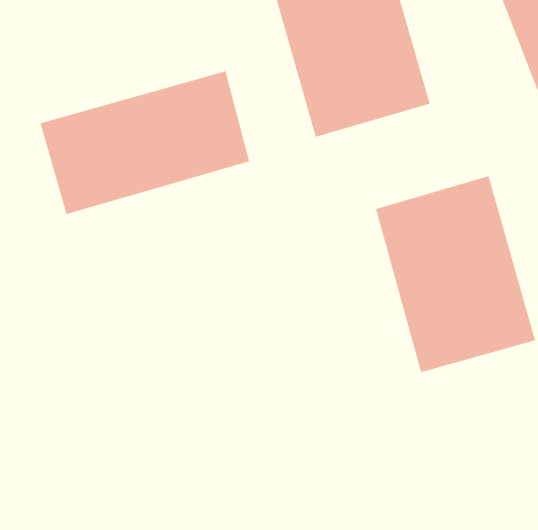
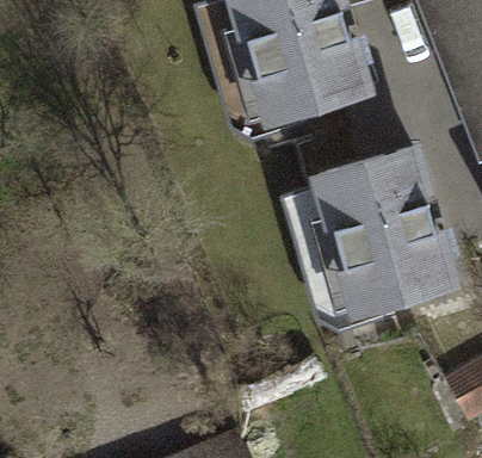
building: [40,70,250,215] -> none

